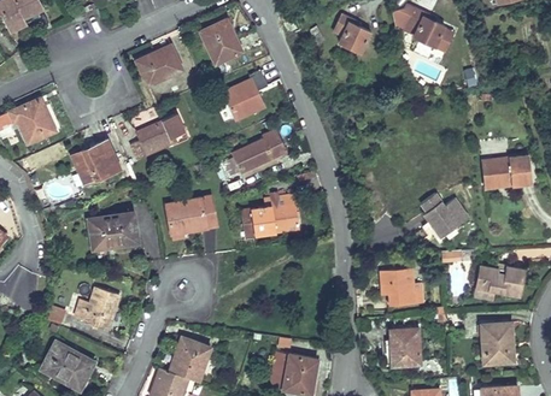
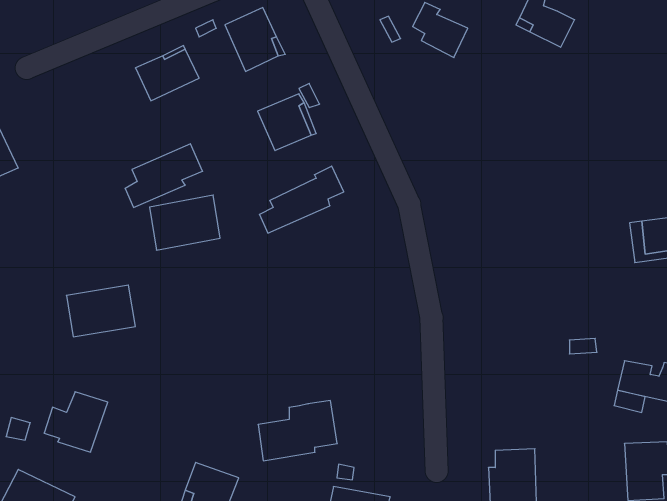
building: [72,141,118,183] -> none
building: [421,194,467,236] -> none
building: [165,195,215,234] -> [150,195,220,250]
building: [242,196,298,238] -> [258,401,337,461]
building: [381,268,422,305] -> none

